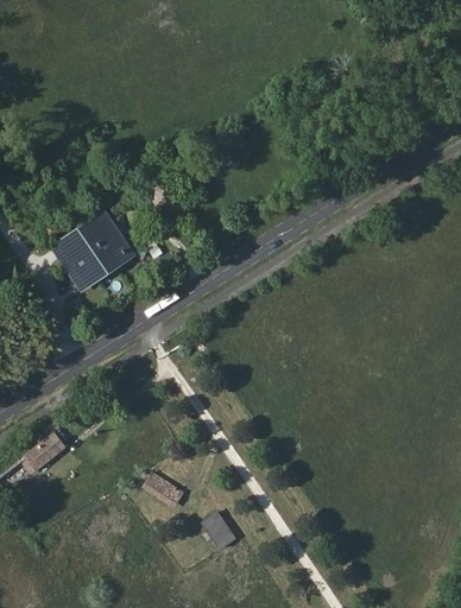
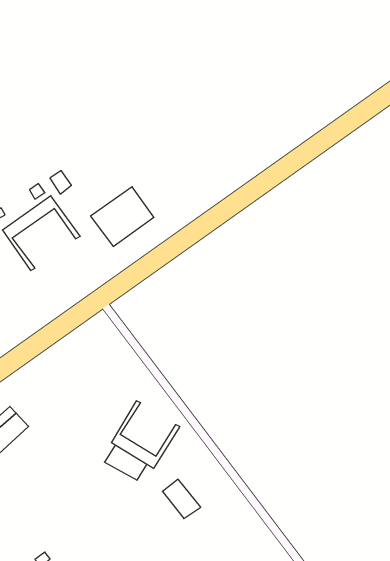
building: [62,227,126,286] -> [91,187,154,246]
building: none -> [111,401,180,468]

